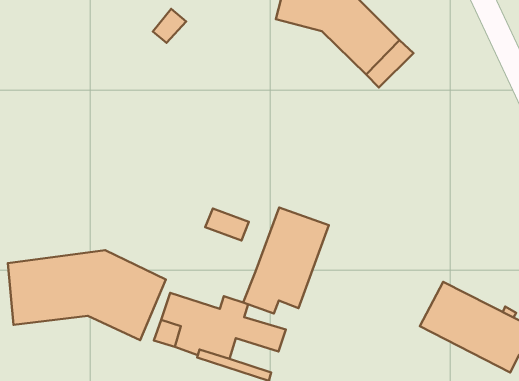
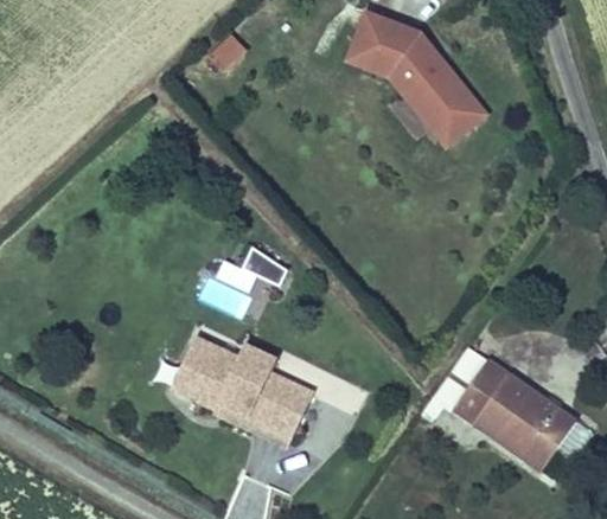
building: [243,208,329,314] -> none
building: [8,250,166,340] -> none
building: none -> [249,393,302,435]

